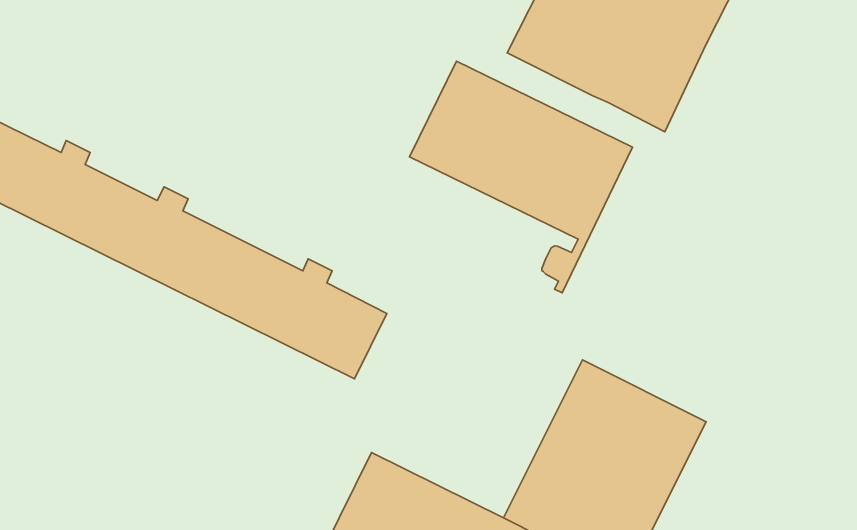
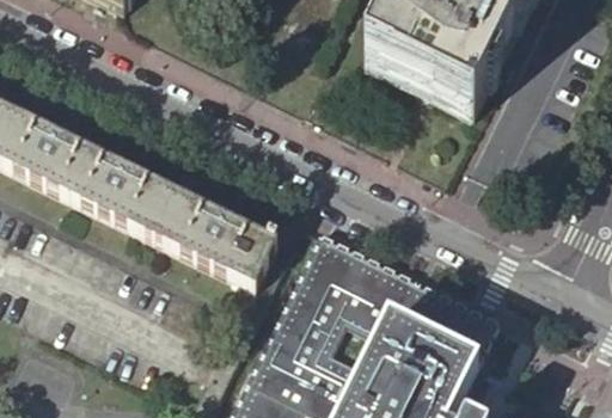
building: [410,61,632,293] -> none
building: none -> [269,234,416,389]

